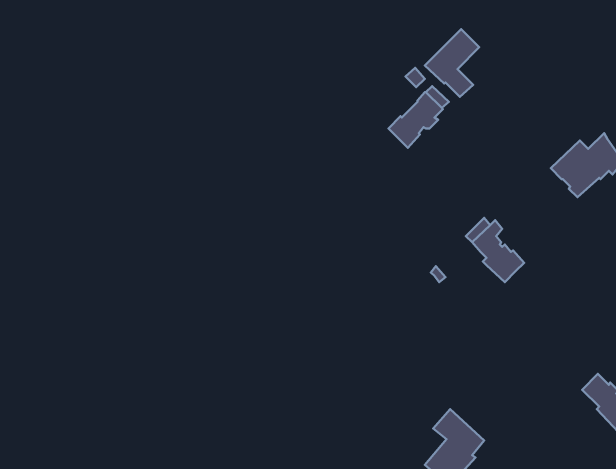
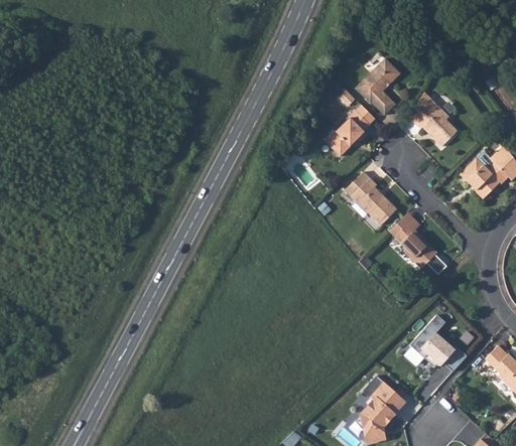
building: none -> [409,92,458,146]
building: none -> [345,173,396,226]
building: none -> [409,314,467,371]

